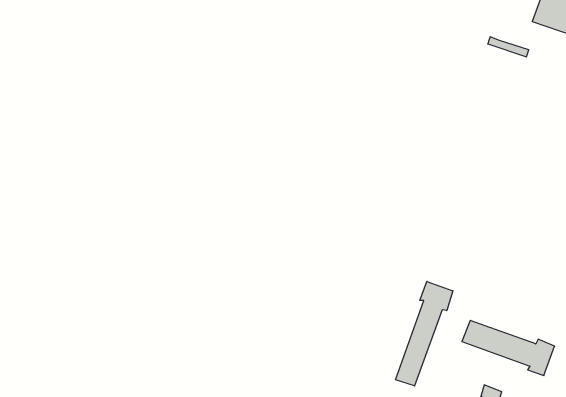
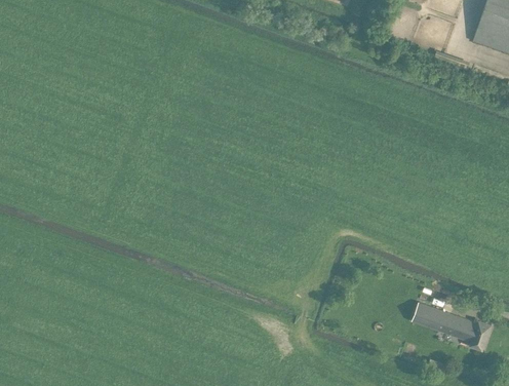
building: [395,281,453,386] -> none

